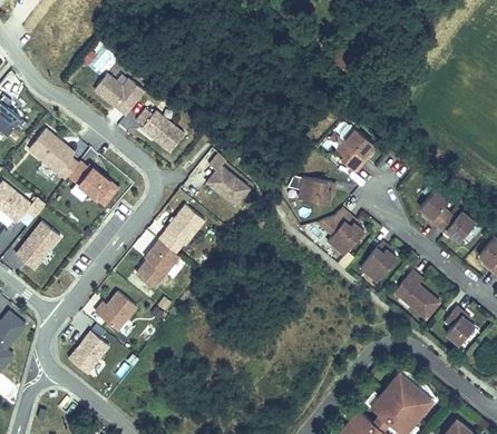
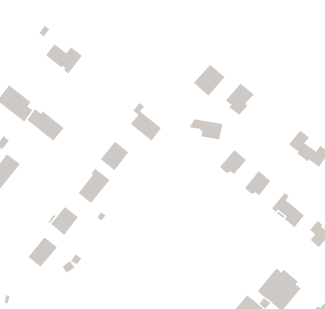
building: none -> [193,64,225,96]
building: [136,108,185,151] -> none

